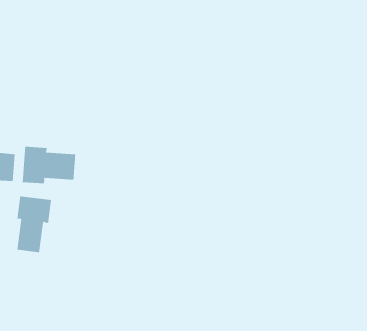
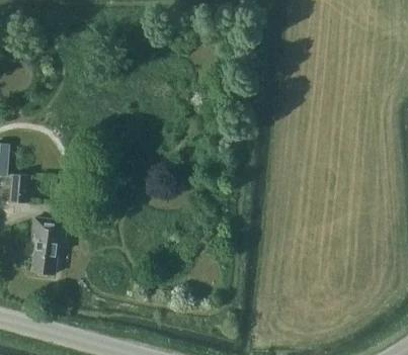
building: [22,146,76,184] -> none

